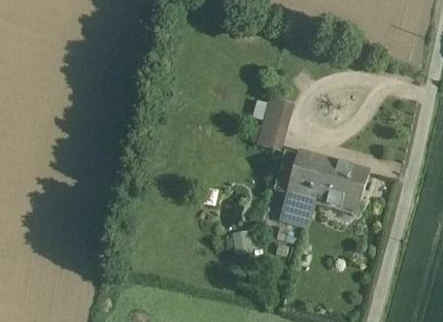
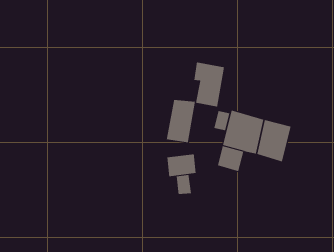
building: none -> [166,99,195,143]
building: none -> [167,153,196,177]

